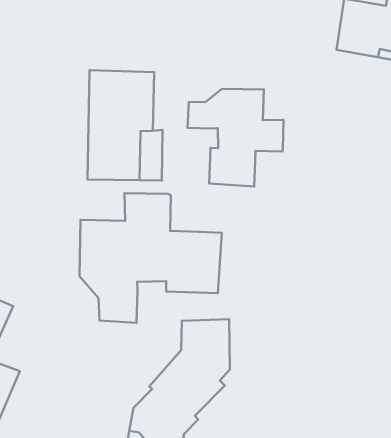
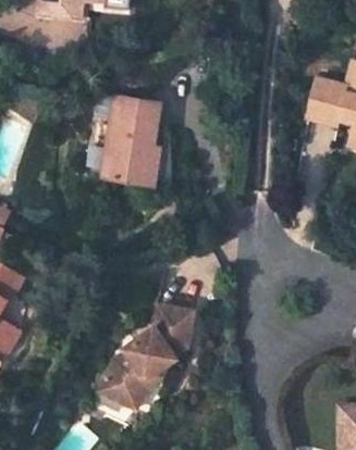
building: [187,89,283,186] -> none
building: [80,193,222,323] -> none

